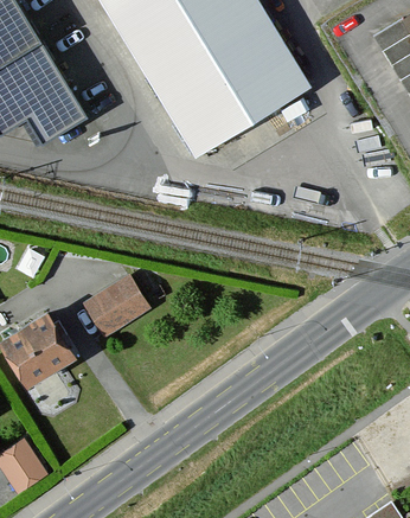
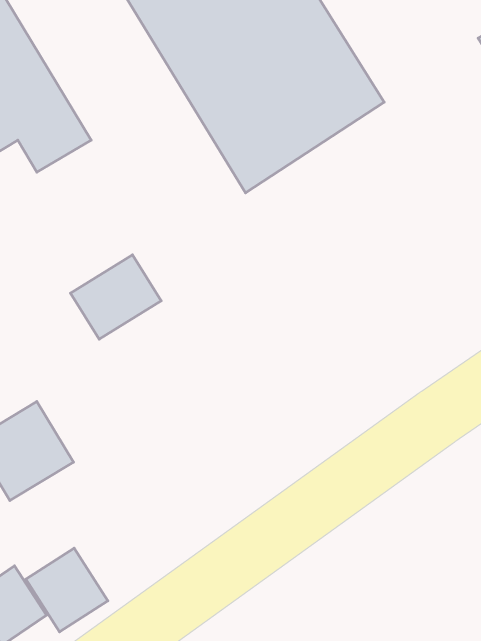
building: [83,275,150,338] -> [70,255,161,339]
building: none -> [26,548,108,632]

